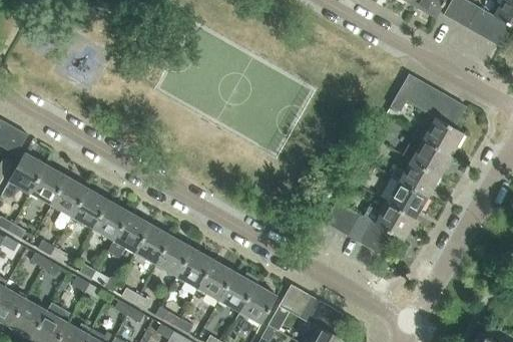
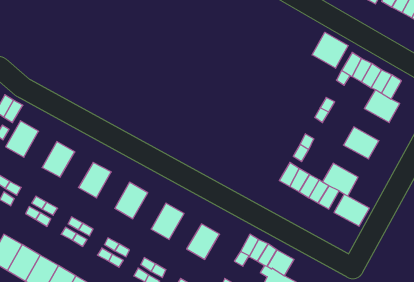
building: none -> [312,32,348,68]
building: [411,138,452,176] -> none
building: [29,164,67,207] -> none
building: [387,181,428,218] -> [334,194,369,226]
building: [71,189,109,230] -> none
building: [113,212,151,254] -> none
building: [155,236,193,278] -> none
building: [197,260,234,301] -> none
building: [238,284,278,326] -> none

